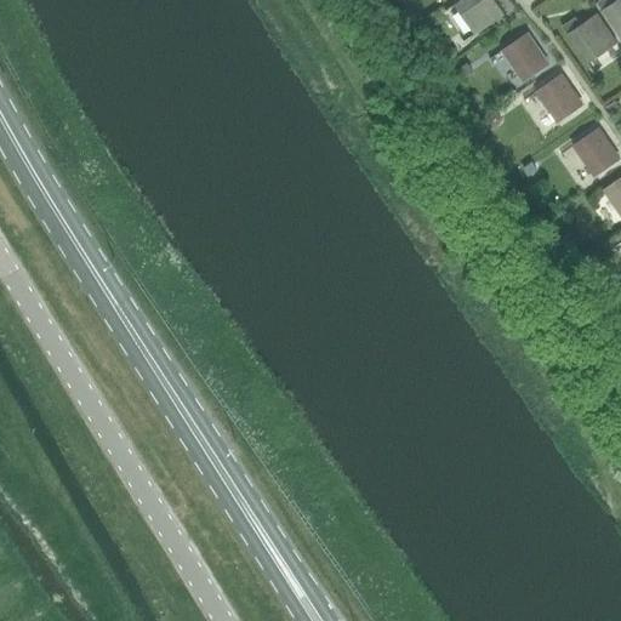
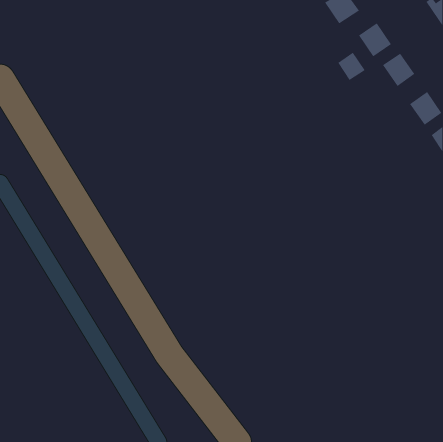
building: [560,15,615,62] -> none
building: none -> [338,52,365,81]

